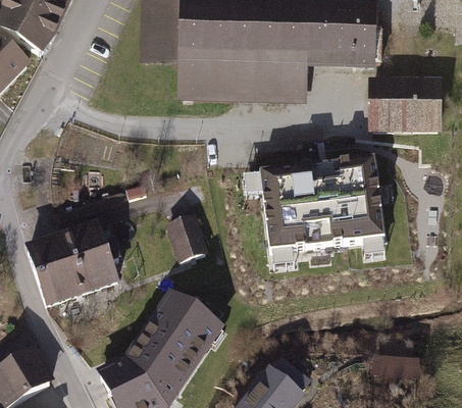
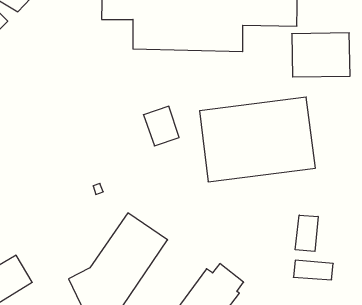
building: [164,213,207,261] -> [143,106,179,146]
building: [23,221,120,308] -> none
building: none -> [295,215,318,251]

